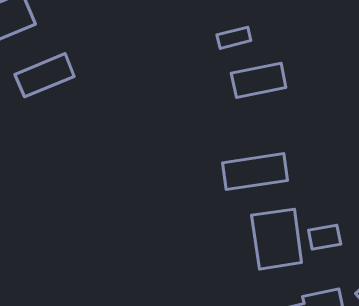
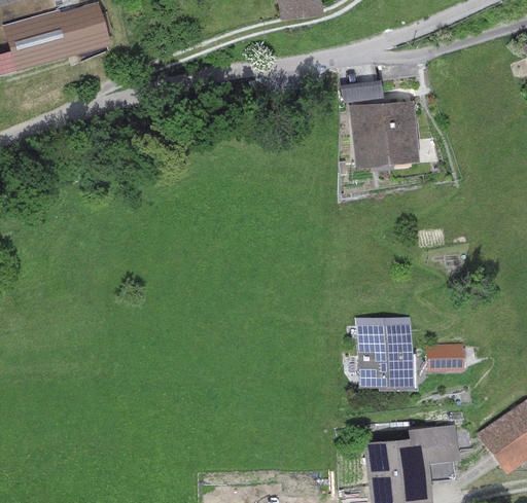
building: none -> [350,101,417,135]
building: [15,53,74,97] -> none
building: [222,154,287,190] -> none

